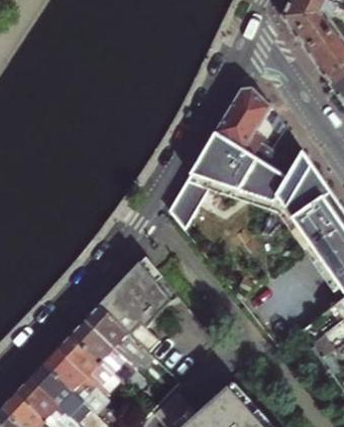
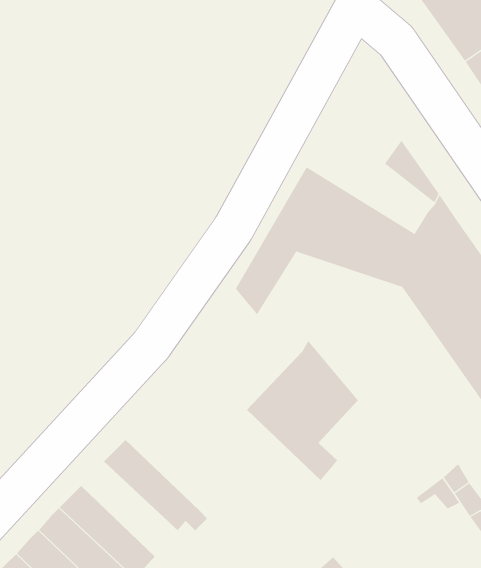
building: [216,88,293,174] -> none
building: [101,261,173,350] -> [246,340,359,481]
building: [73,319,138,383] -> none

